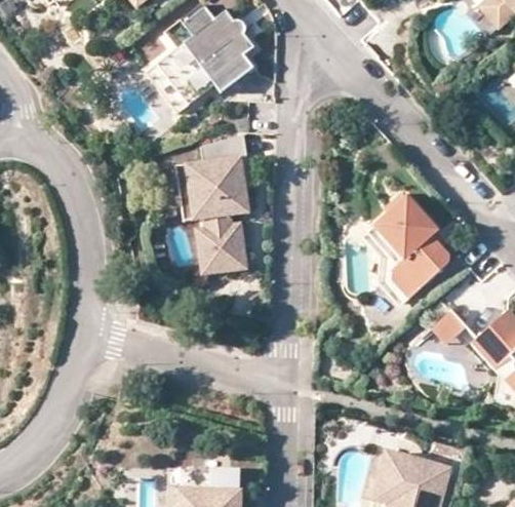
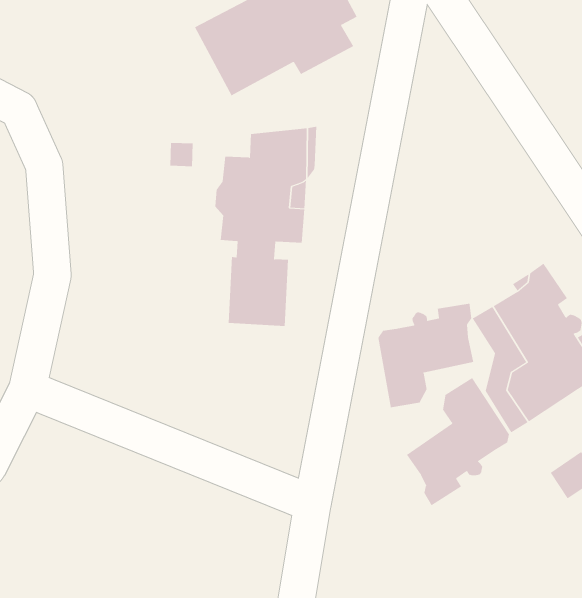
building: none -> [378,303,474,408]
building: none -> [406,377,510,506]

